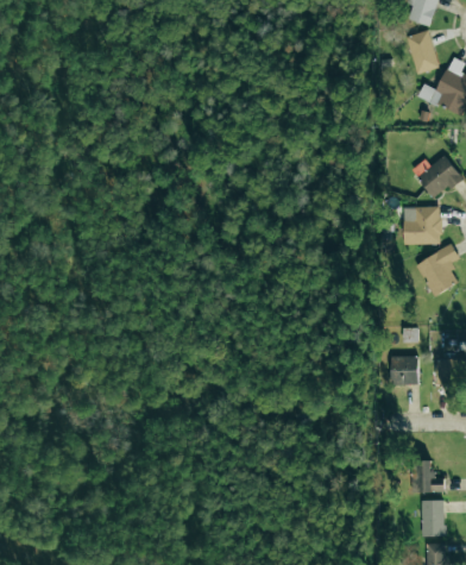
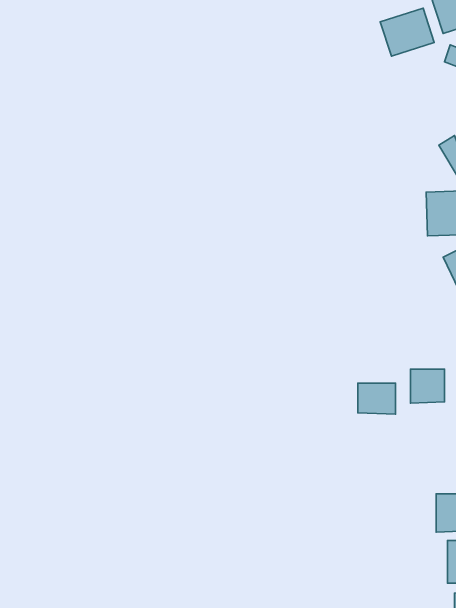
building: none -> [380,8,434,56]
building: none -> [358,383,396,414]

